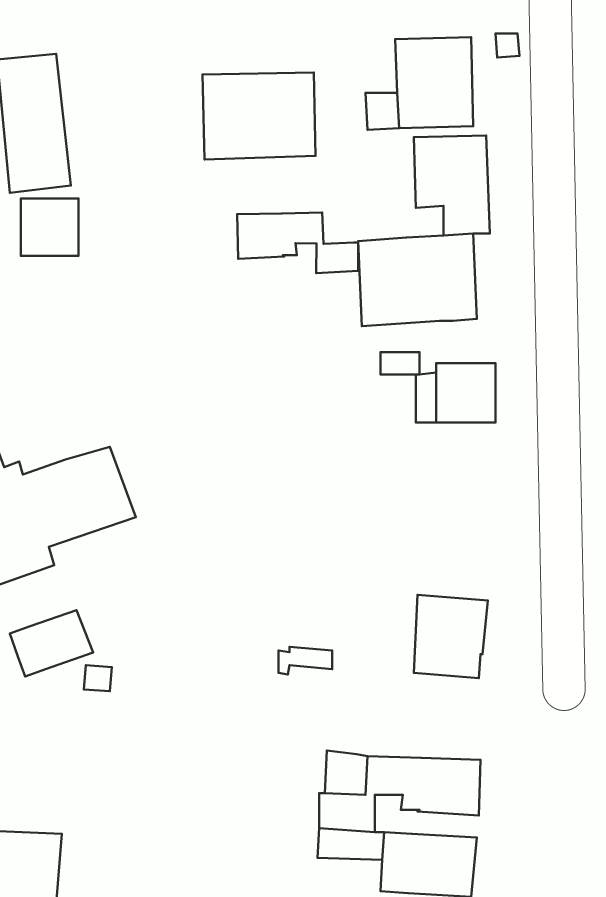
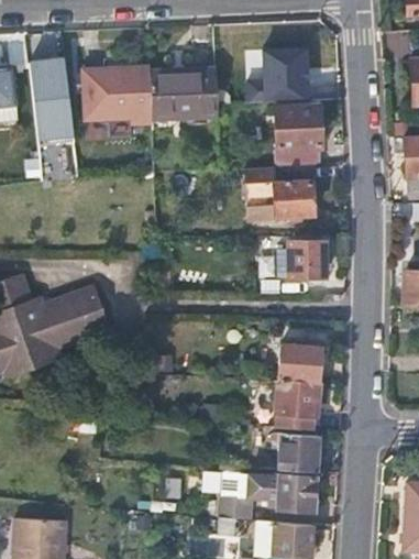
building: none -> [84,69,131,120]
building: [237,212,358,273] -> none
building: none -> [277,344,320,382]
building: [10,610,93,677] -> none
building: none -> [273,431,317,470]

